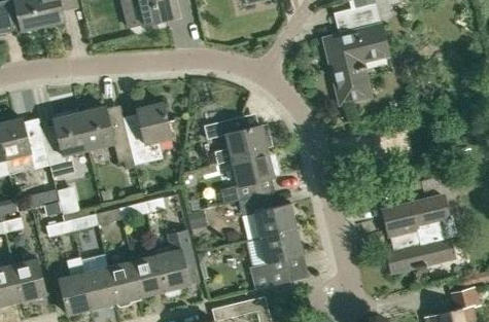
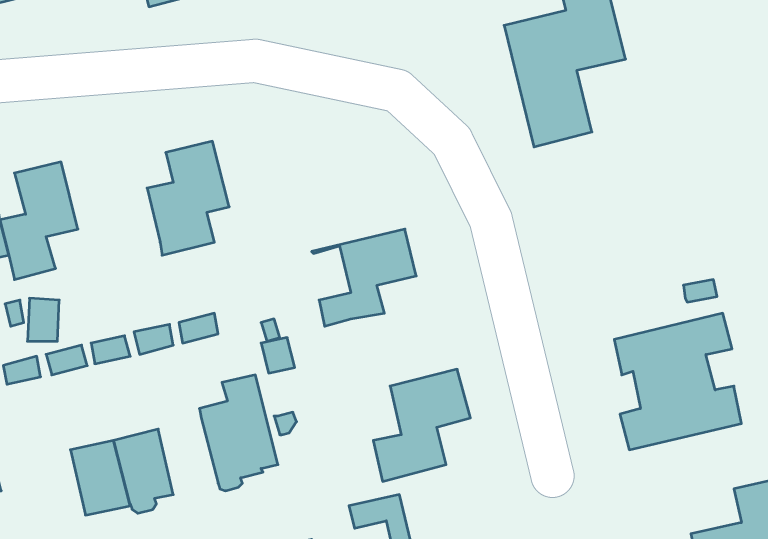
building: [78,107,133,162] -> none
building: [205,117,270,163] -> none
building: [238,193,296,237] -> none
building: [132,254,165,296] -> none
building: [59,257,92,314] -> none

